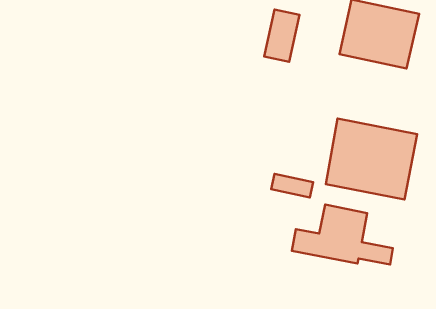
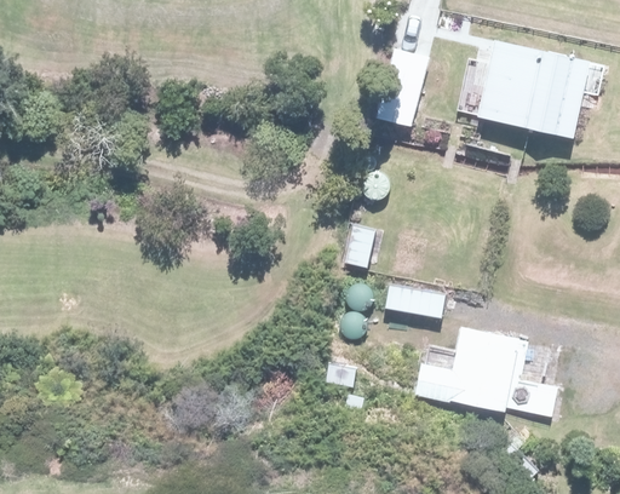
building: [326,119,417,199] -> none

